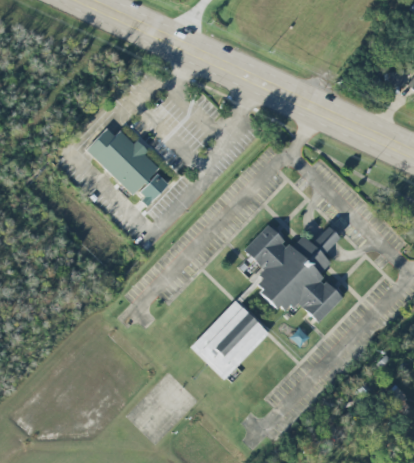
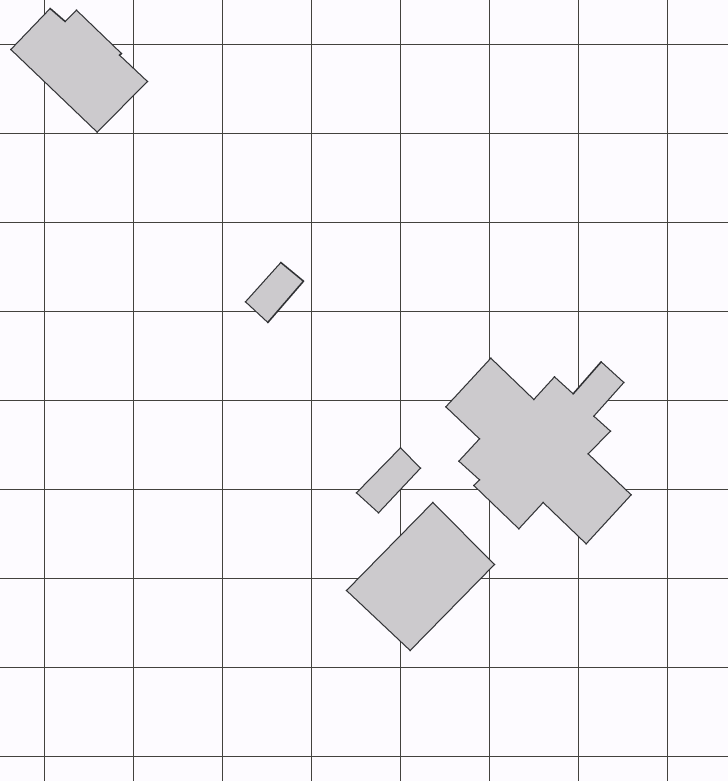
building: [86,128,159,194] -> [11,8,148,132]
building: none -> [357,448,420,513]

